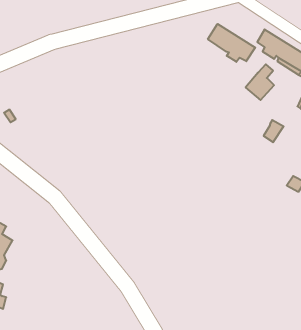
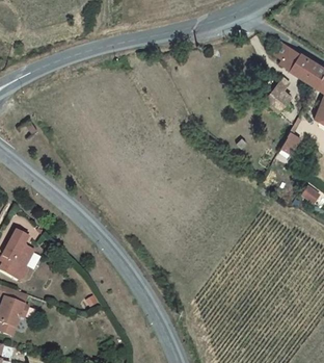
building: [208,24,255,62] -> none

